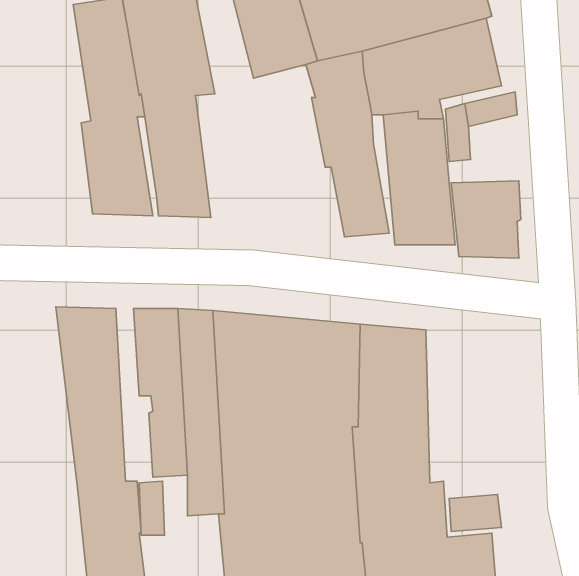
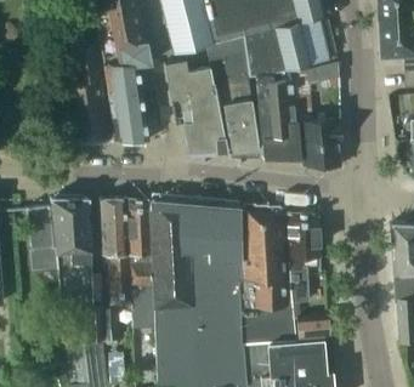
building: none -> [164,59,226,152]
building: none -> [27,206,56,271]
building: none -> [287,214,319,301]

